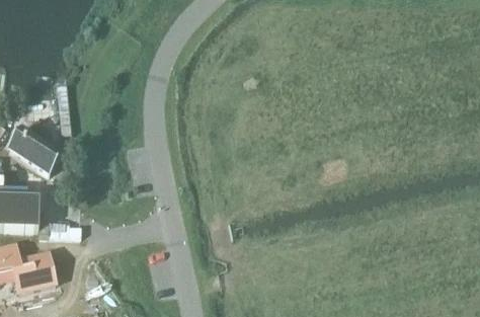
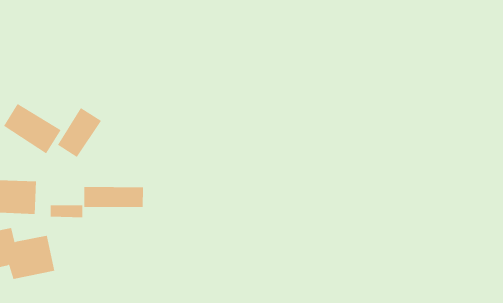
building: none -> [57,107,102,158]
building: none -> [84,186,144,208]

